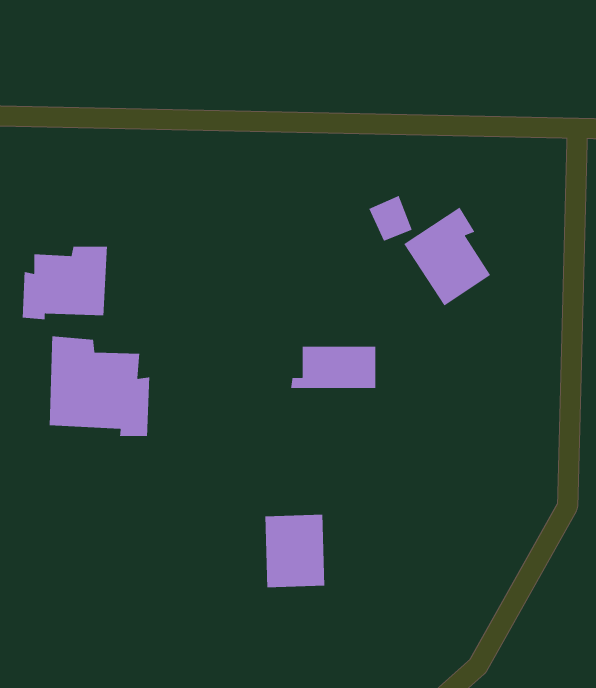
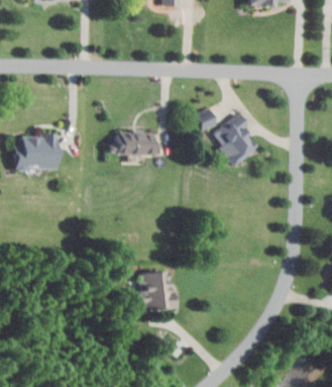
building: [49,335,150,437] -> none
building: [290,346,376,389] -> [109,131,153,154]

